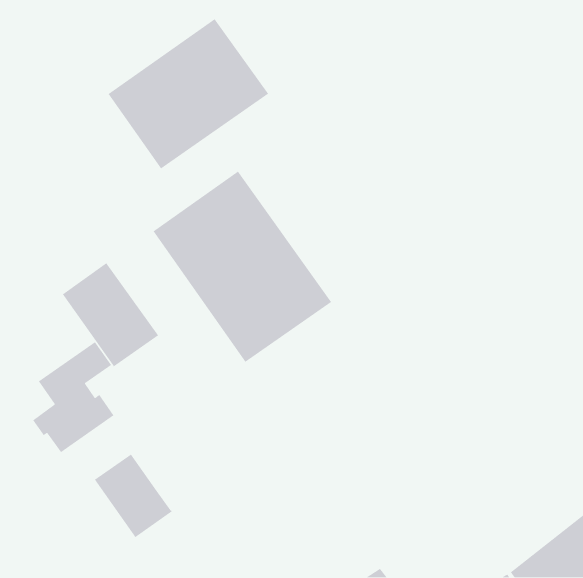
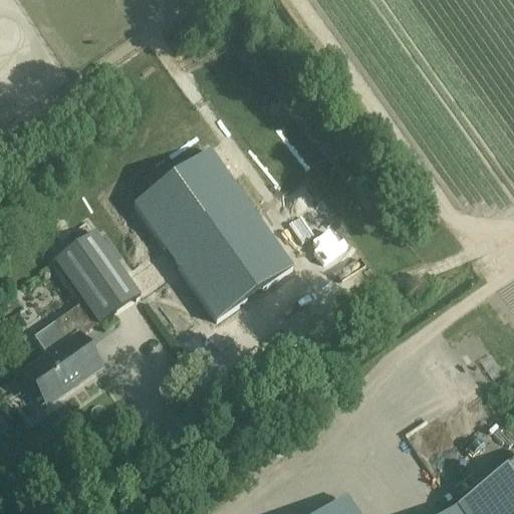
building: [108,18,269,169] -> none
building: [94,453,173,538] -> none

